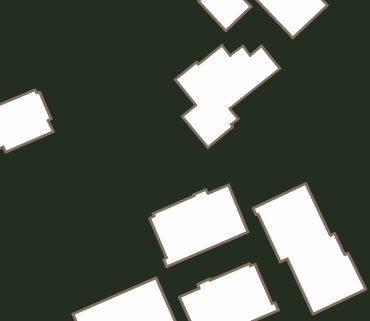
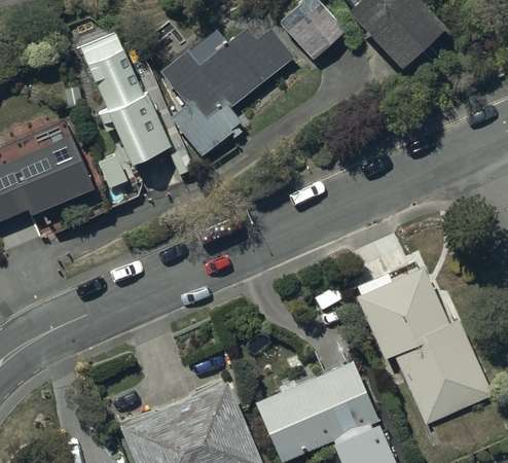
building: none -> [80,32,171,166]
building: [175,45,280,148] -> [159,27,294,158]
building: [150,185,248,267] -> none

